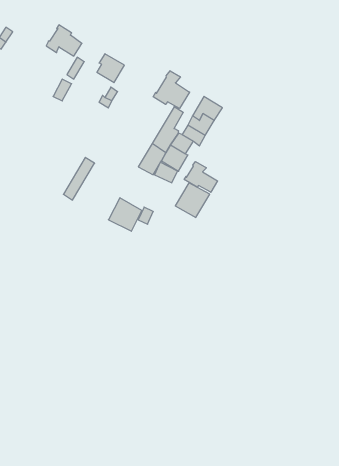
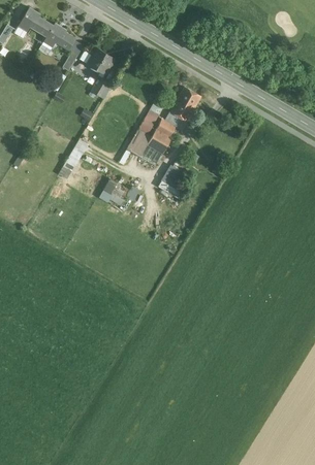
building: none -> [17,7,53,37]
building: [153,71,190,108] -> none
building: [184,162,218,192] -> none

